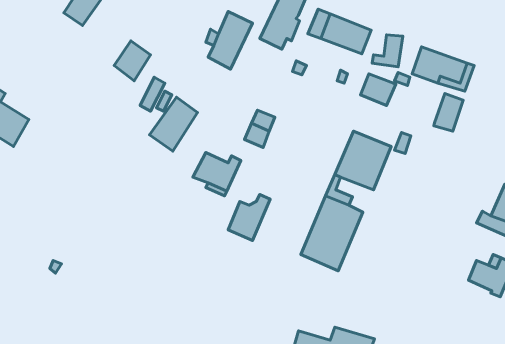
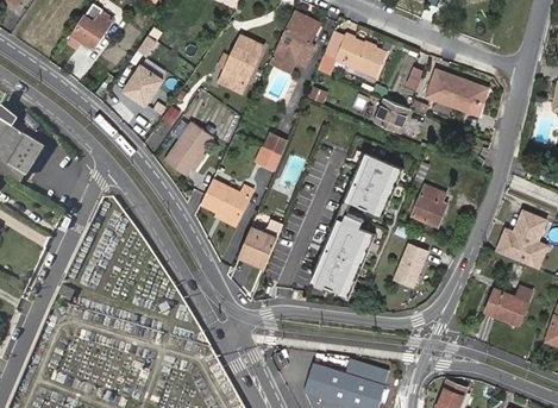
building: [434,94,463,131] -> none
building: none -> [410,184,444,227]
building: none -> [395,245,426,285]

